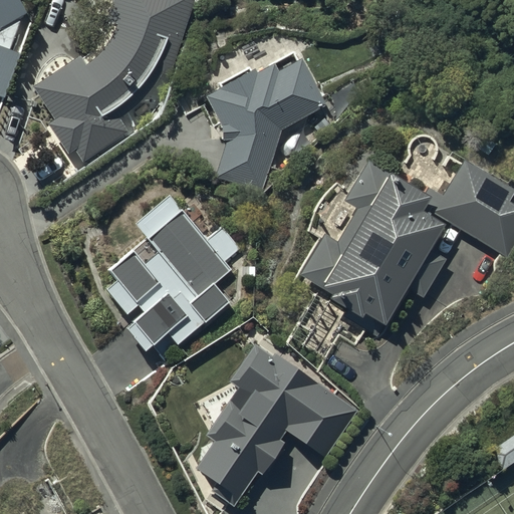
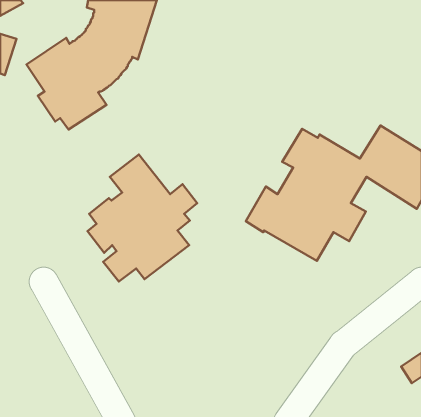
building: [207,57,327,196] -> none
building: [190,342,360,505] -> none

